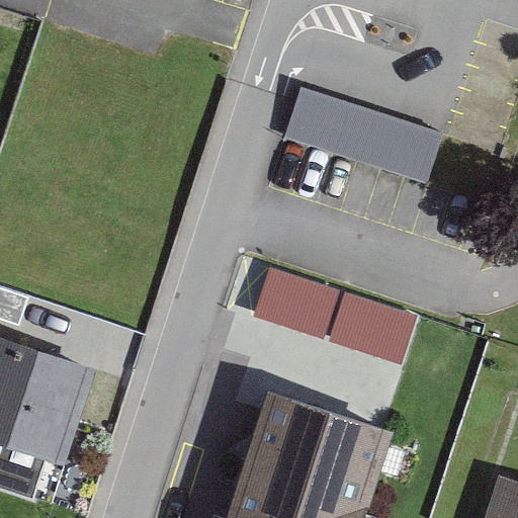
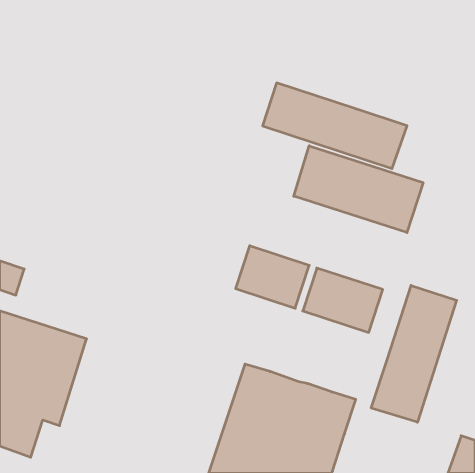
building: none -> [294,146,423,233]
building: none -> [371,285,457,422]

